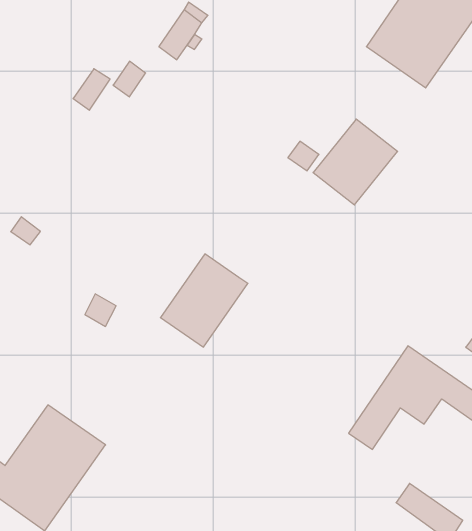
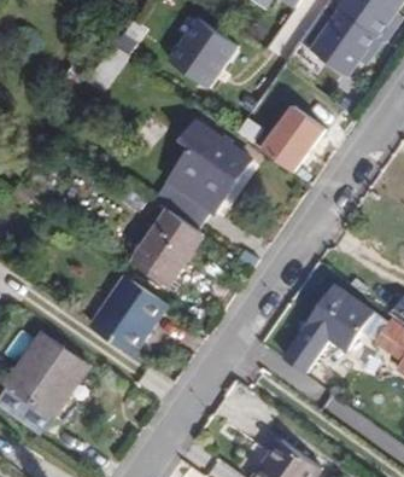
building: none -> [163,12,239,88]
building: none -> [156,121,250,229]
building: none -> [90,274,166,354]

